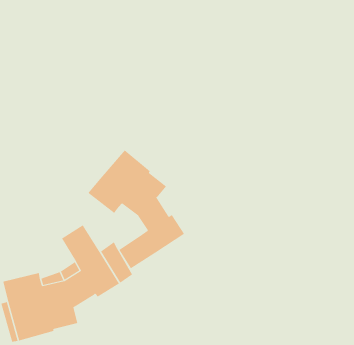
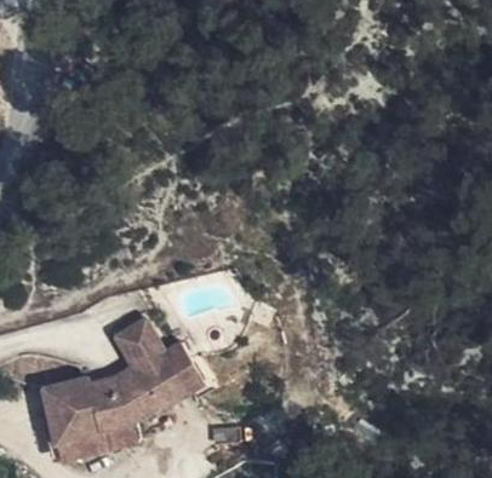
building: [88,150,185,269] -> none

